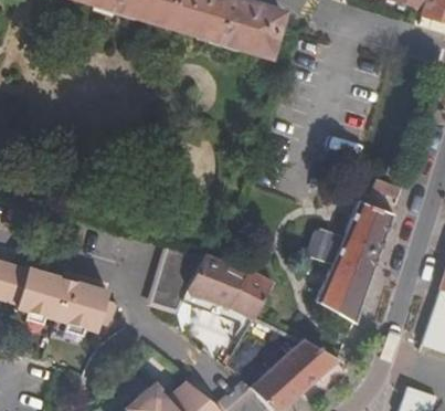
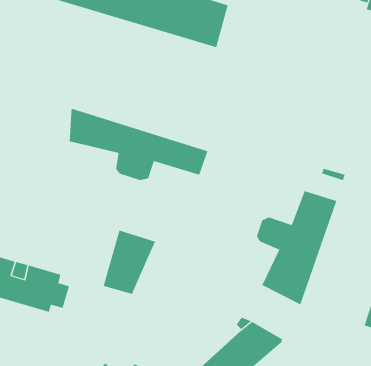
building: none -> [69,108,208,181]
building: [190,257,271,319] -> none

